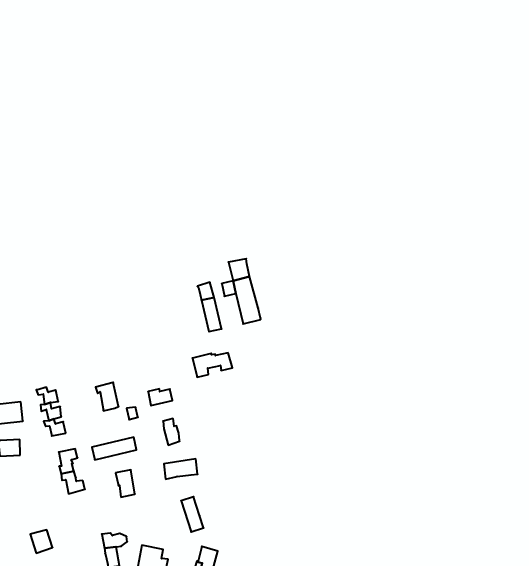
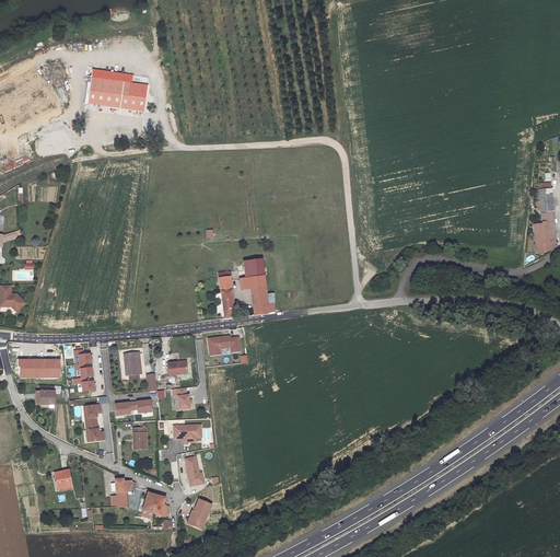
building: none -> [88,69,148,111]

